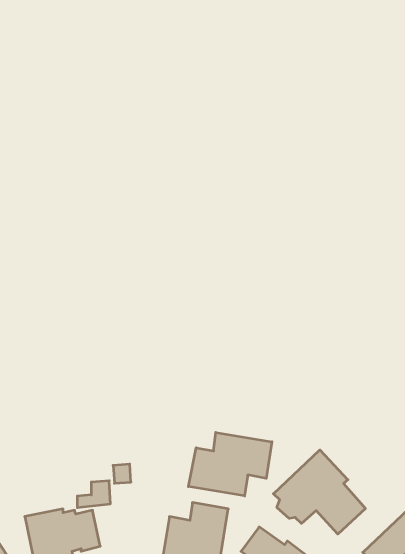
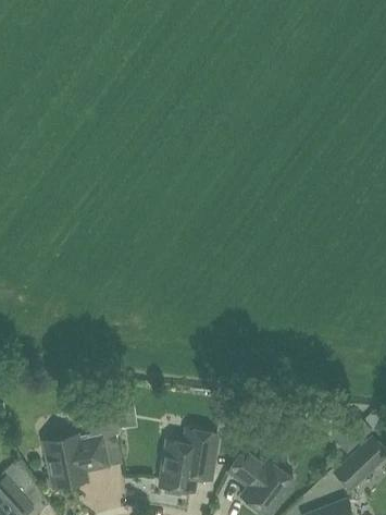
building: [188,432,272,496] -> none
building: [273,450,365,534] -> none

